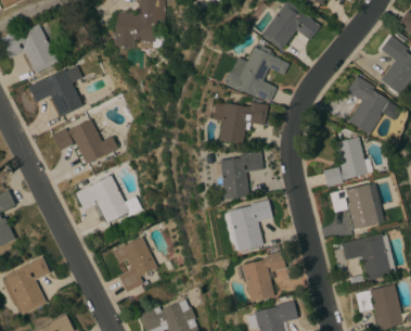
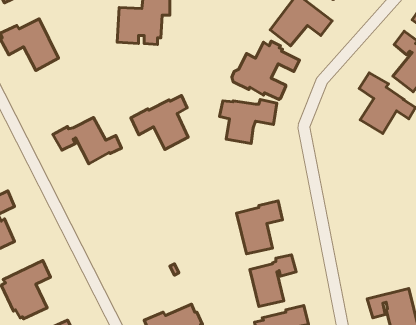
building: [28,65,84,117] -> [131,95,188,149]
building: [323,136,368,187] -> none
building: [220,151,264,200] -> none
building: [75,175,130,224] -> none
building: [330,183,384,229] -> none
building: [342,233,396,281] -> none
building: [114,237,157,293] -> none

